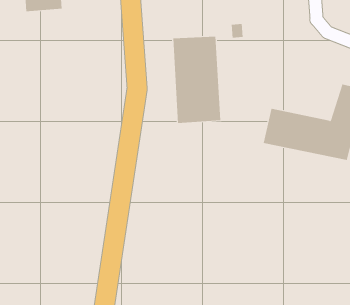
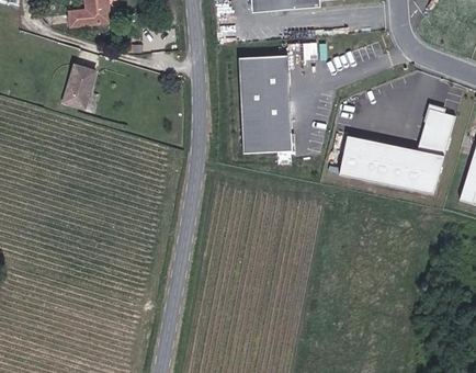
building: none -> [63,63,100,111]

